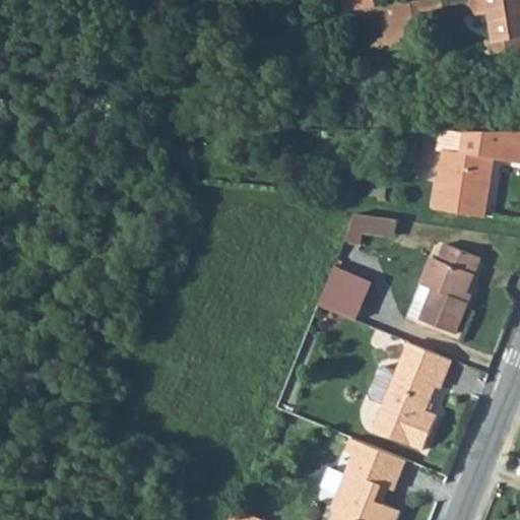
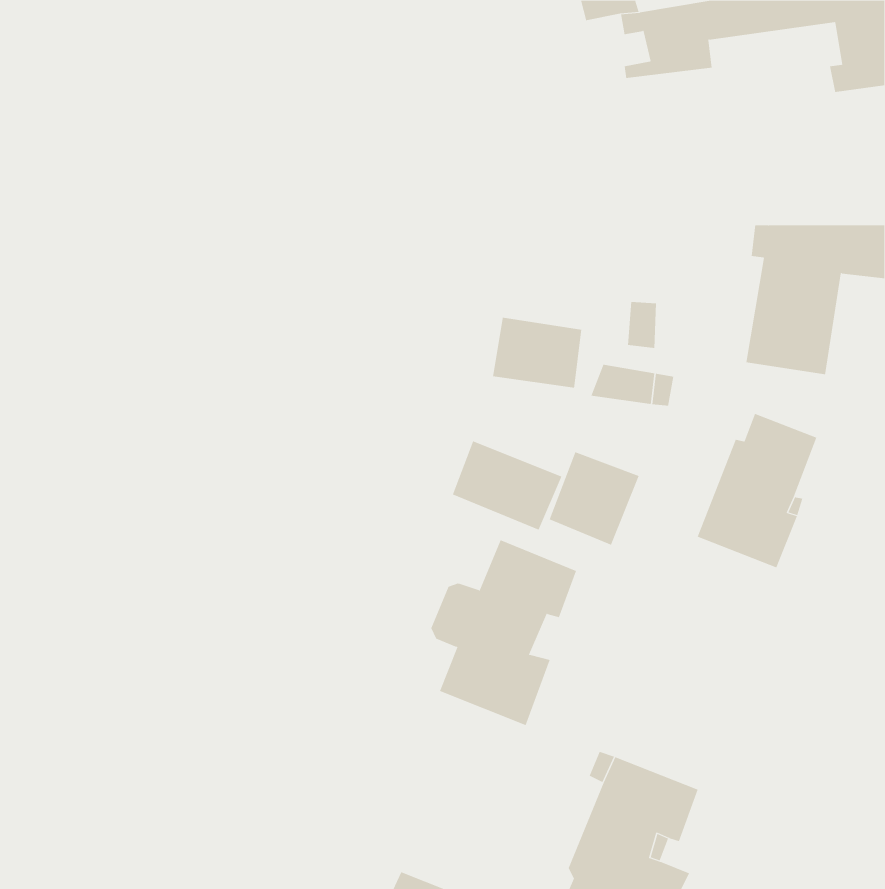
building: none -> [493,317,582,389]
building: none -> [452,440,562,530]
building: [368,342,453,451] -> [430,539,577,726]

